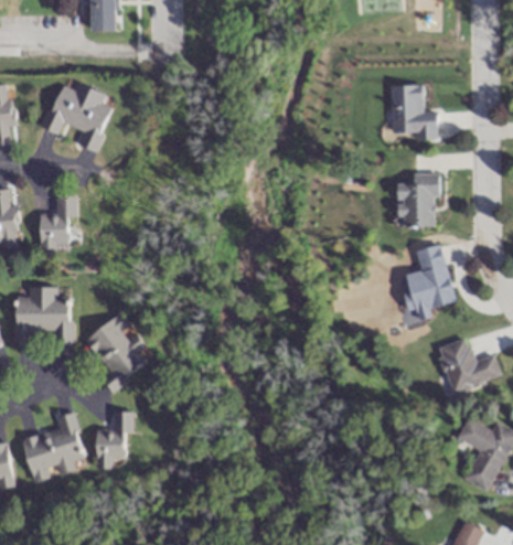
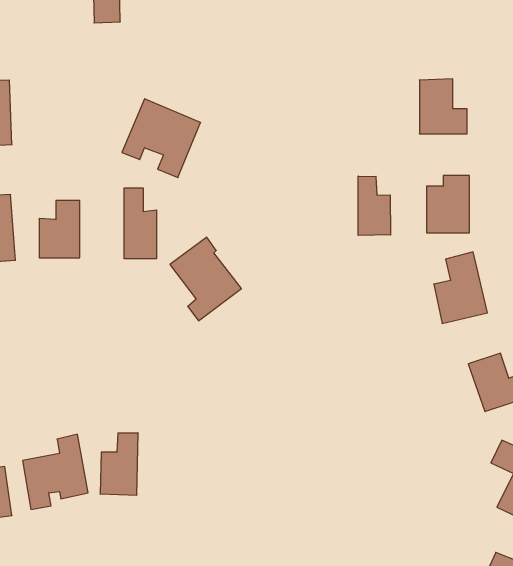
building: [43,79,116,152] -> [122,99,201,178]
building: none -> [358,176,391,235]
building: none -> [124,188,156,259]
building: [15,286,73,344] -> none
building: [85,314,151,392] -> [170,237,241,321]

